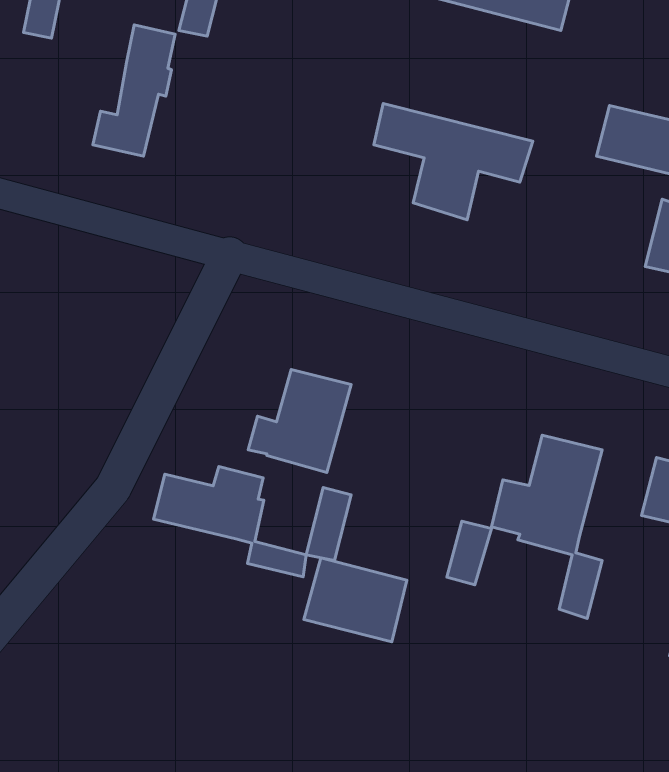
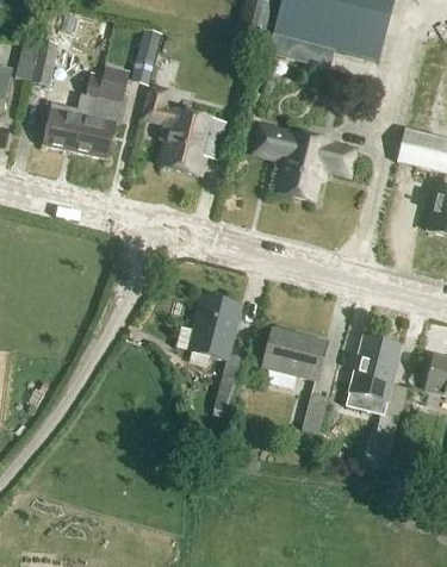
building: none -> [43,73,101,151]
building: none -> [143,88,223,174]
building: [153,466,306,577] -> none
building: [304,558,407,642] -> [260,326,325,380]

